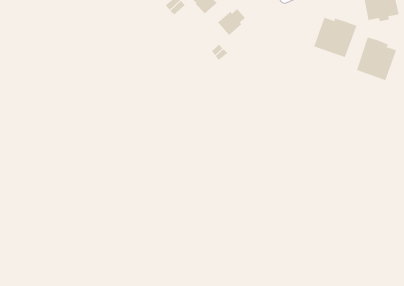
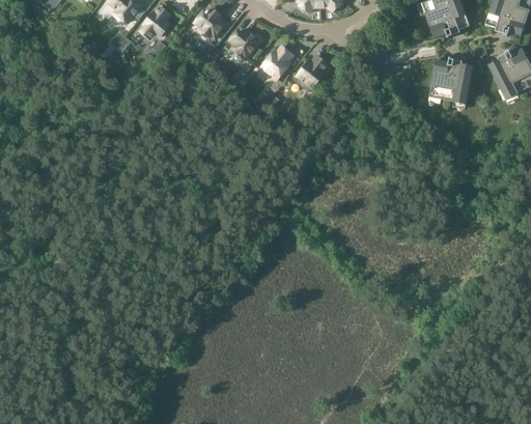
building: [314,17,357,58] -> none
building: none -> [296,54,329,90]

